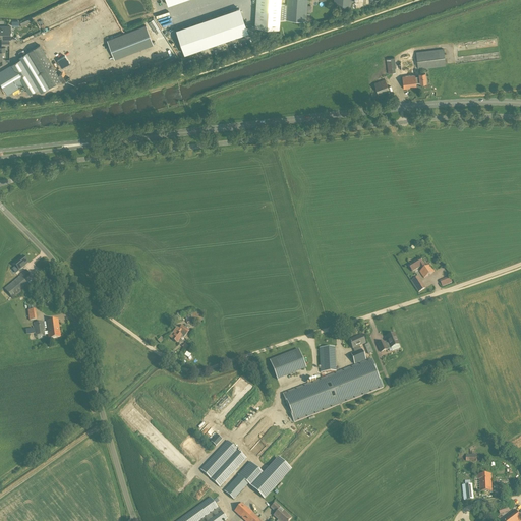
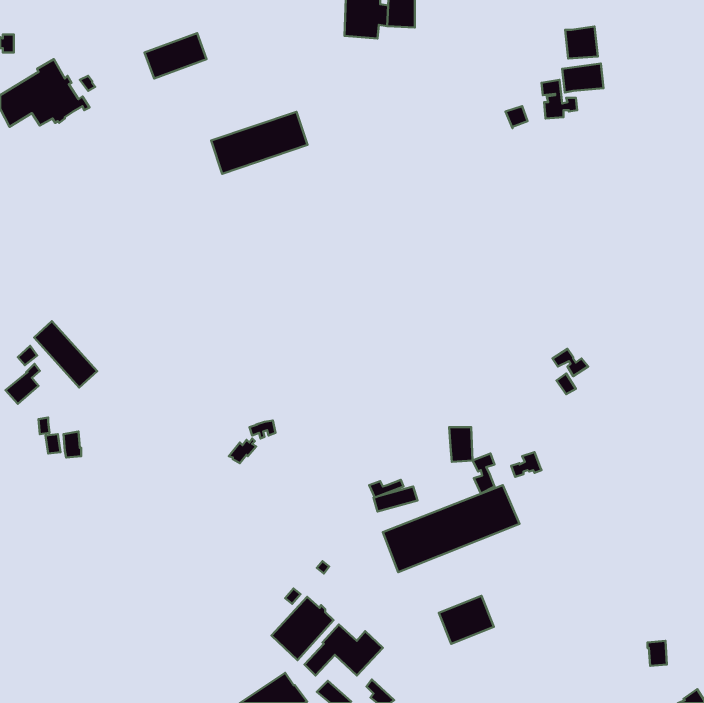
building: [176,7,247,53] -> [211,112,308,174]
building: none -> [565,27,598,58]
building: none -> [34,321,97,387]
building: [319,347,336,372] -> [449,427,473,462]
building: none -> [439,596,494,644]

